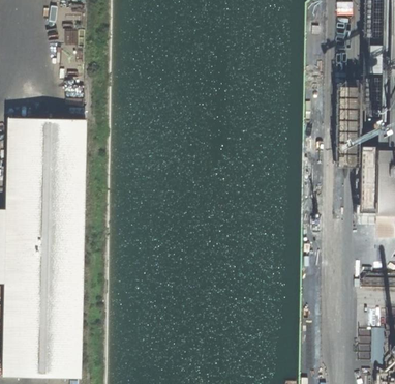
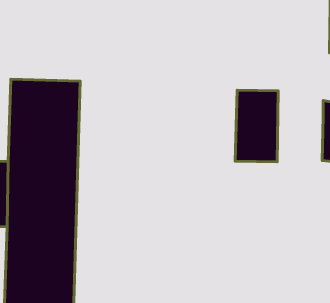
building: none -> [235,90,278,162]

